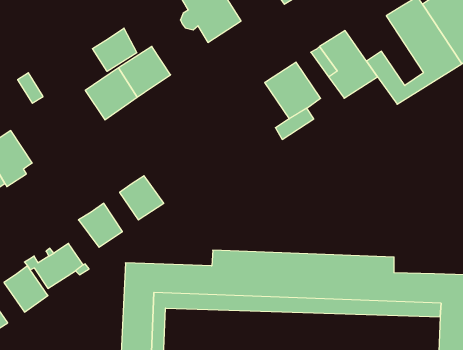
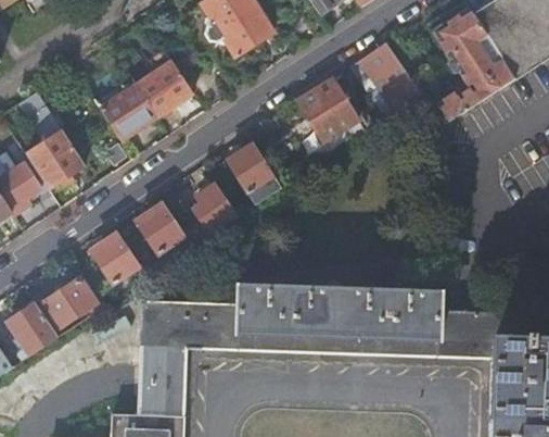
building: [92,28,137,71] -> none
building: none -> [26,129,85,188]
building: none -> [227,142,281,203]
building: none -> [193,183,239,233]

